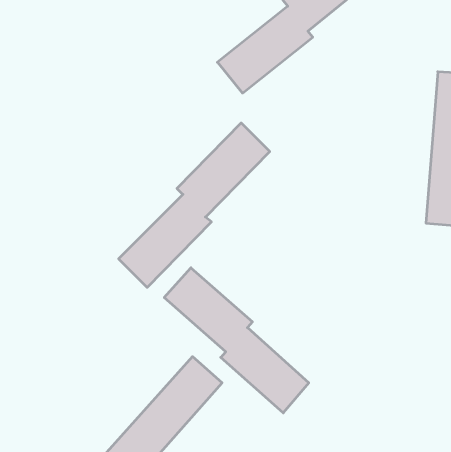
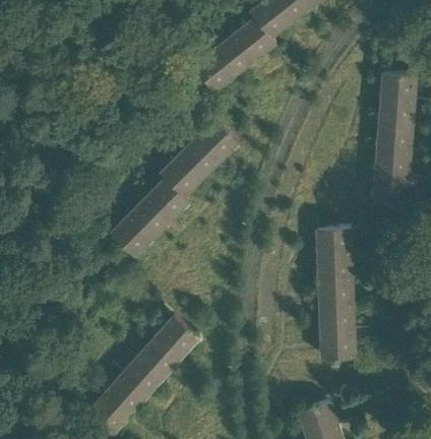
building: none -> [317,228,355,359]
building: [164,268,309,413] -> none

